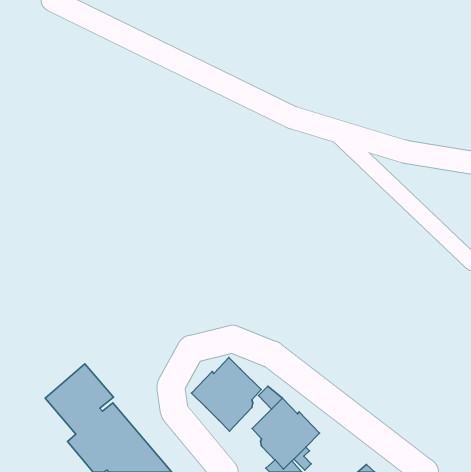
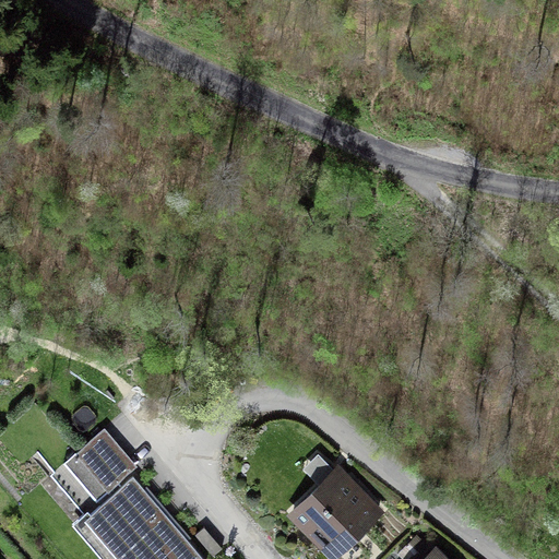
building: [191,357,261,431] -> none

